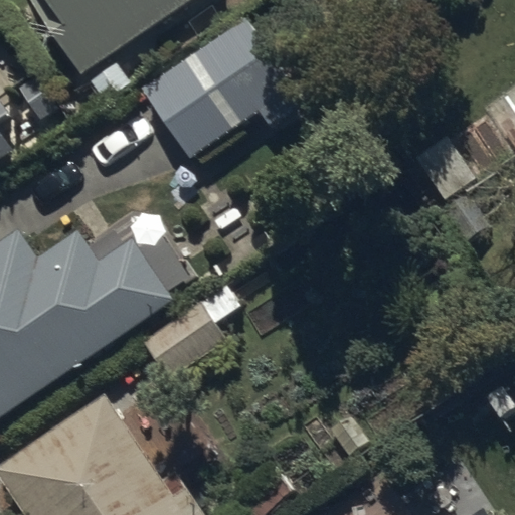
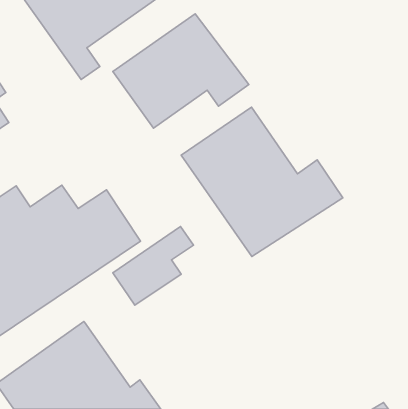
building: none -> [181,107,343,256]

